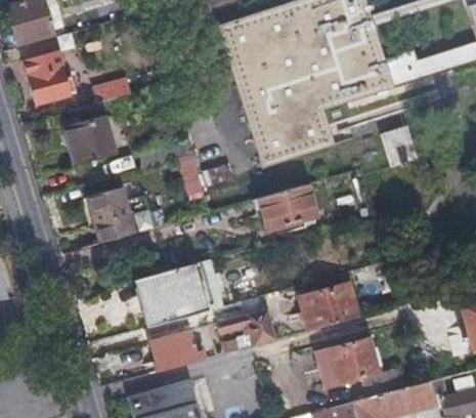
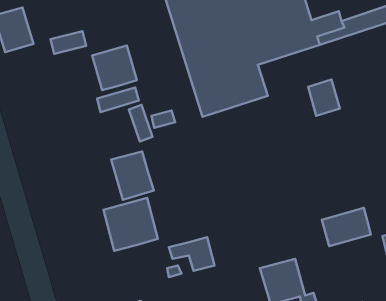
building: [71,113,121,163] -> [92,45,137,90]
building: [256,186,313,229] -> none
building: [90,187,138,242] -> [111,151,154,200]
building: [300,284,355,327] -> [322,208,371,246]
building: [150,327,206,368] -> none

